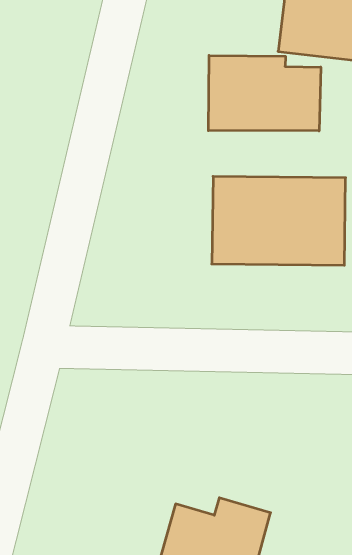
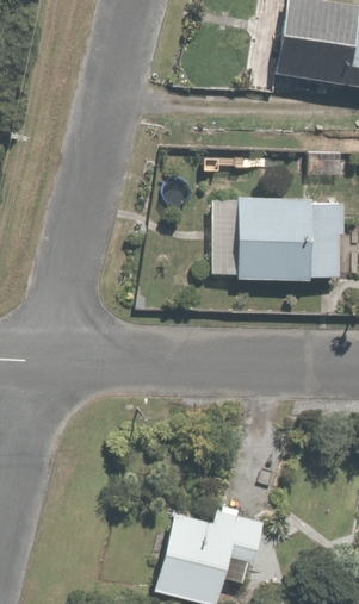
building: [208,55,321,131] -> none

